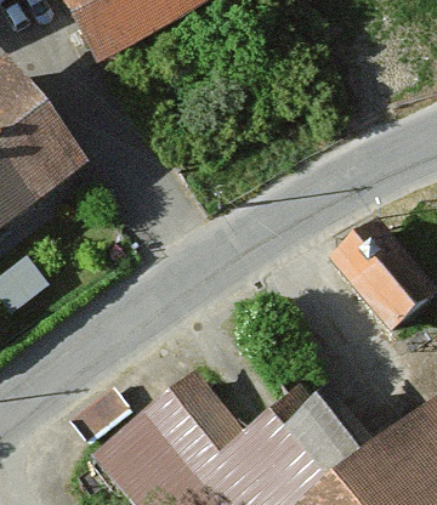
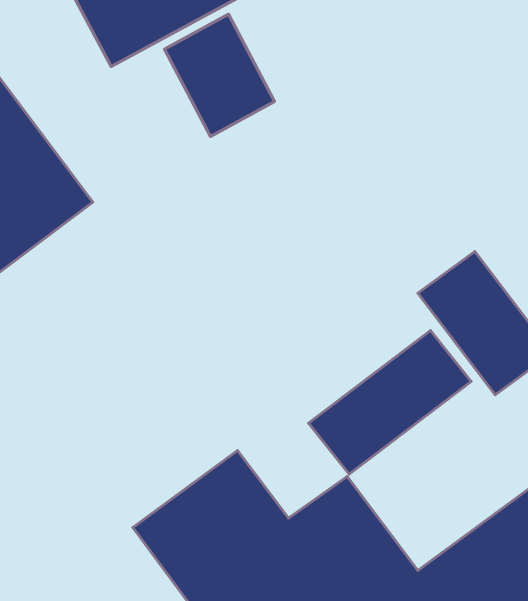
building: none -> [164,14,275,136]
building: none -> [308,331,471,474]

